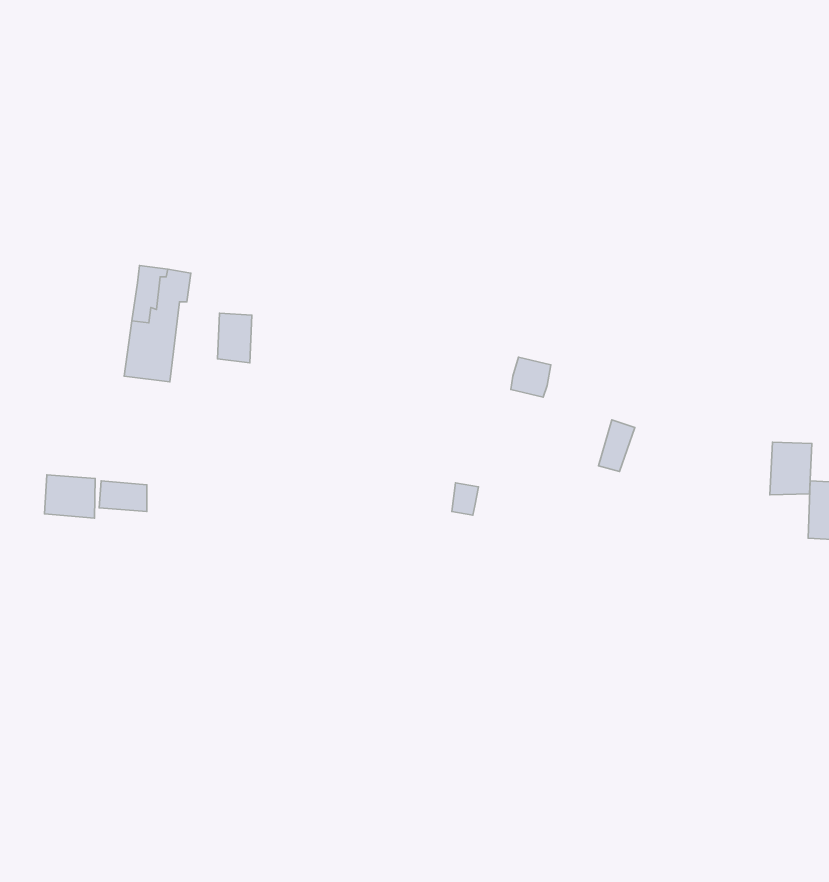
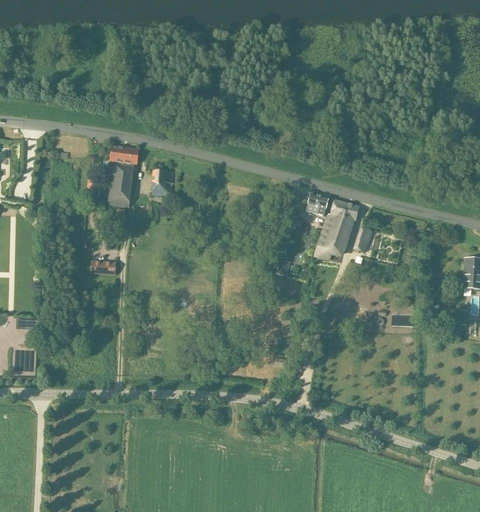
building: none -> [316,199,359,258]
building: [770,442,812,495] -> none
building: [44,475,95,518] -> none

